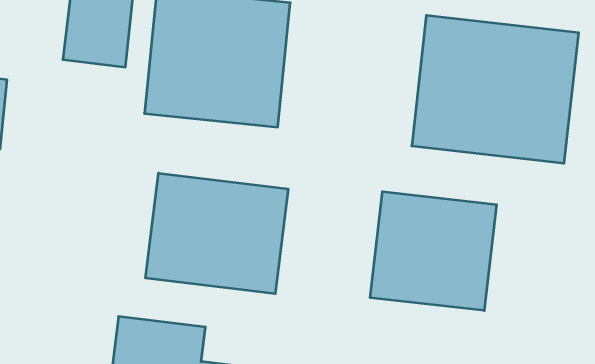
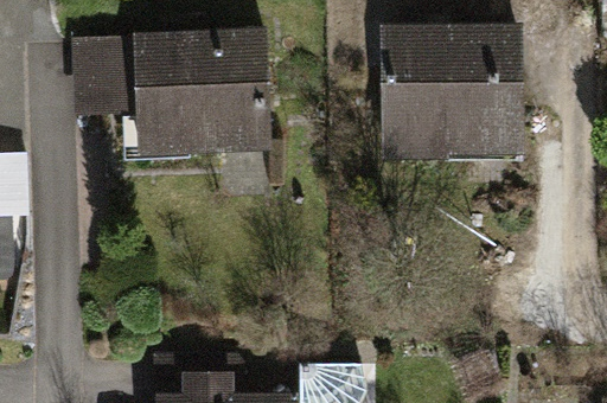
building: [146,173,288,294] -> none
building: [370,192,496,311] -> none

